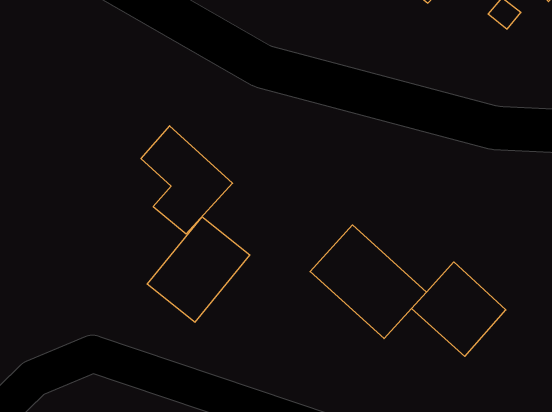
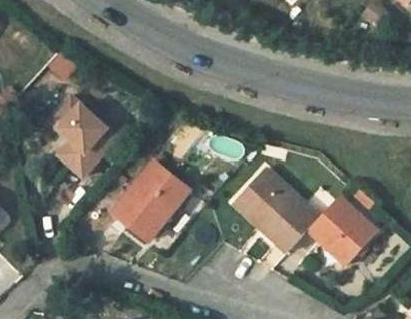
building: [141,126,233,234] -> [49,96,116,176]

